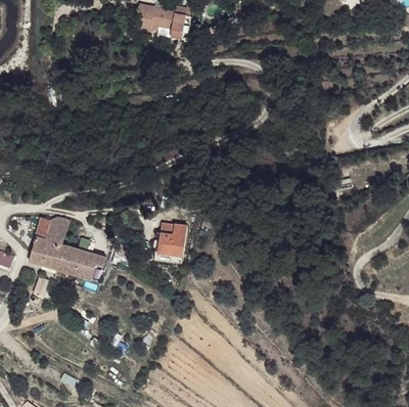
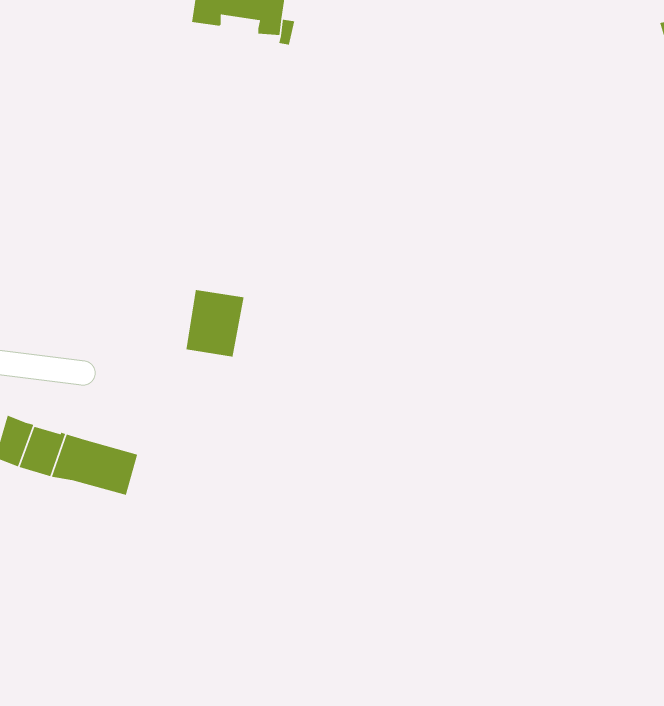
building: [40,217,71,245] -> none
building: [156,219,188,256] -> [186,289,244,357]

